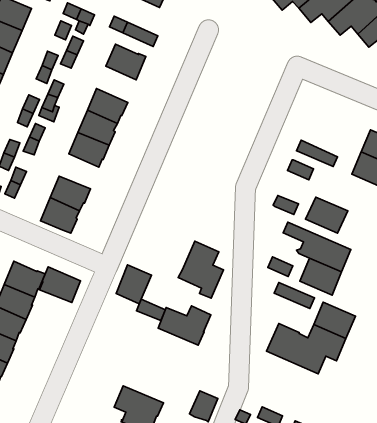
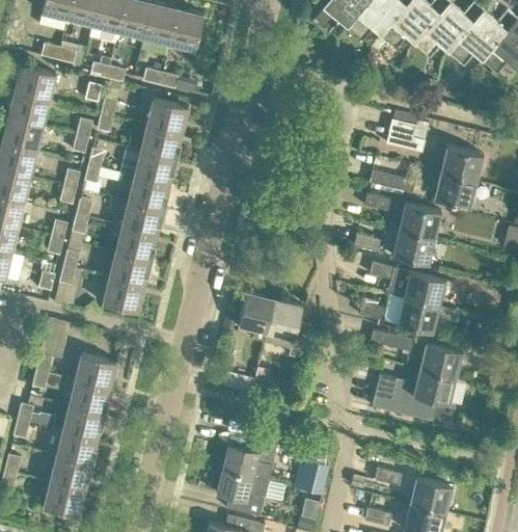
building: none -> [139,124,181,159]
building: none -> [384,118,424,152]
building: none -> [114,225,156,260]
building: none -> [397,202,440,238]
building: [116,265,152,304] -> [238,291,273,331]
building: [39,267,81,302] -> none
building: [158,306,211,345] -> [221,438,276,480]

